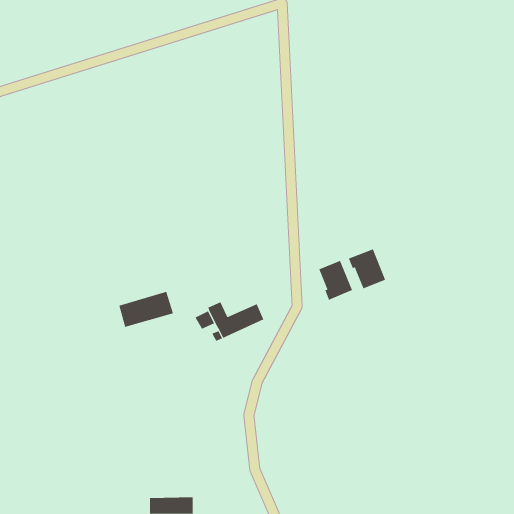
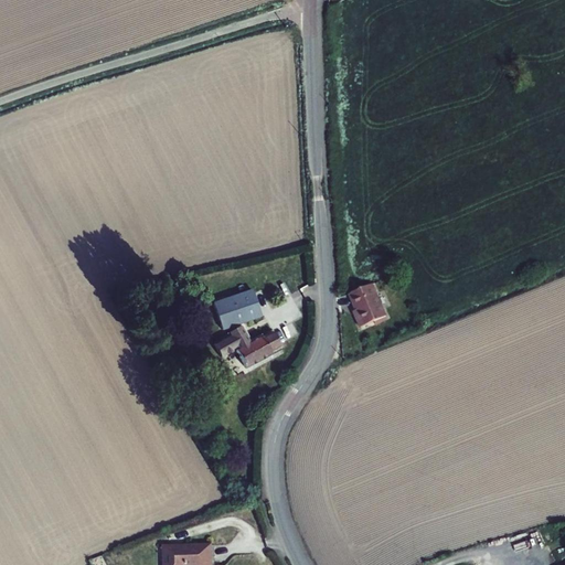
building: [348,249,386,289] -> none
building: [118,291,174,328] -> [211,285,271,324]

